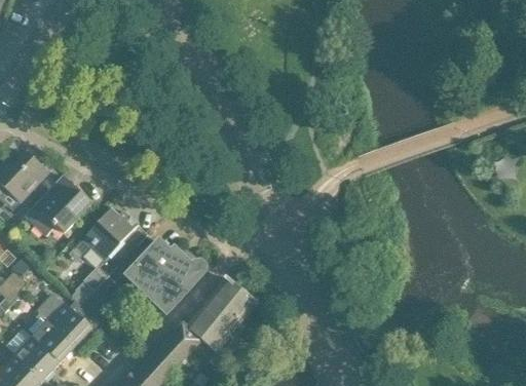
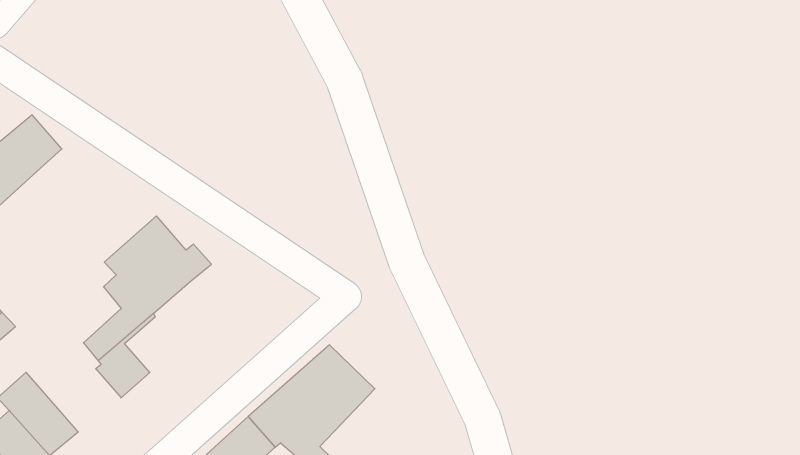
building: [24,175,83,235] -> none
building: [125,240,203,313] -> none
building: [35,292,97,350] -> none

